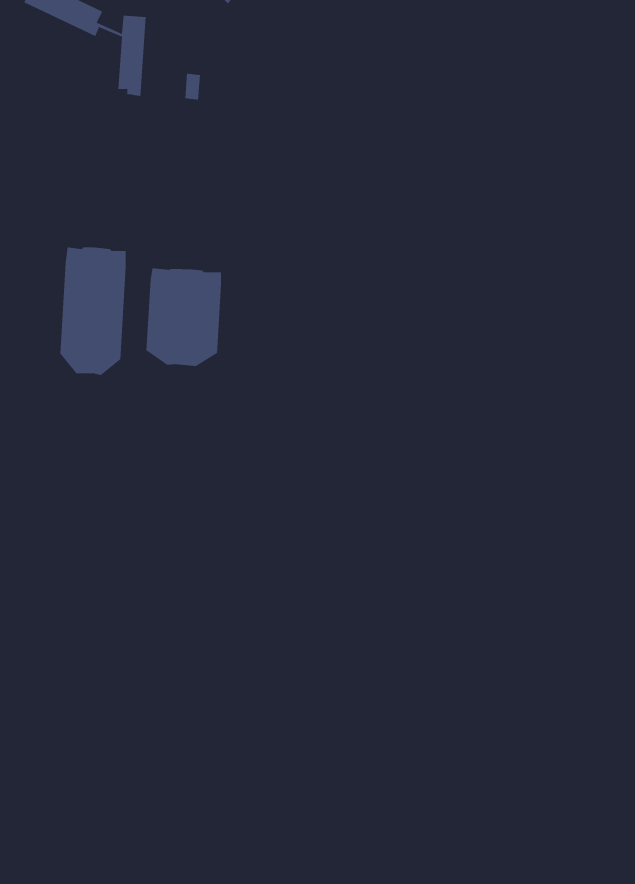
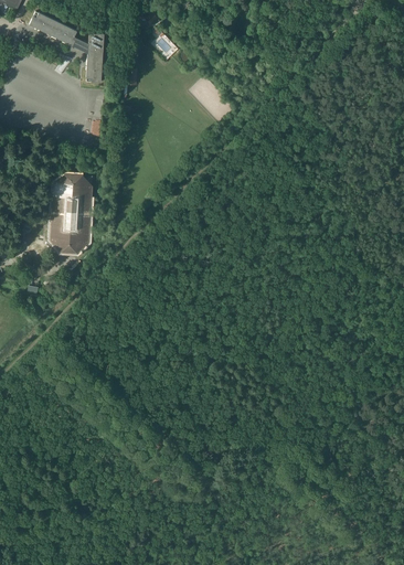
building: [146,268,222,367] -> none

